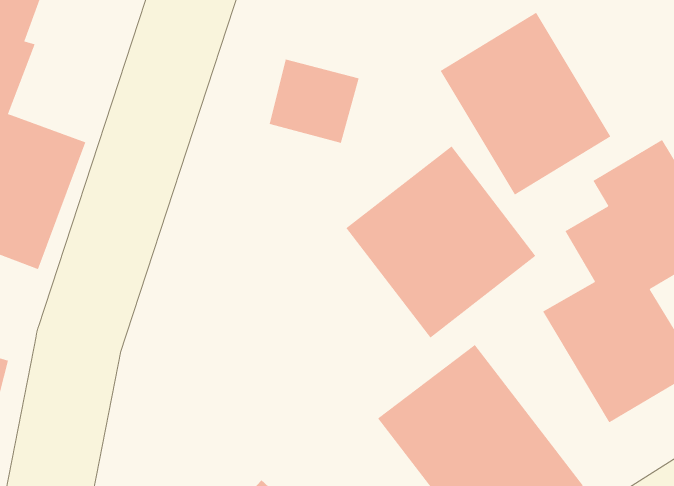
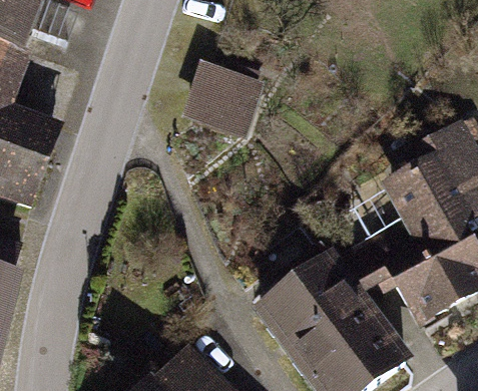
building: [440,12,611,195] -> none
building: [346,146,536,338] -> none

